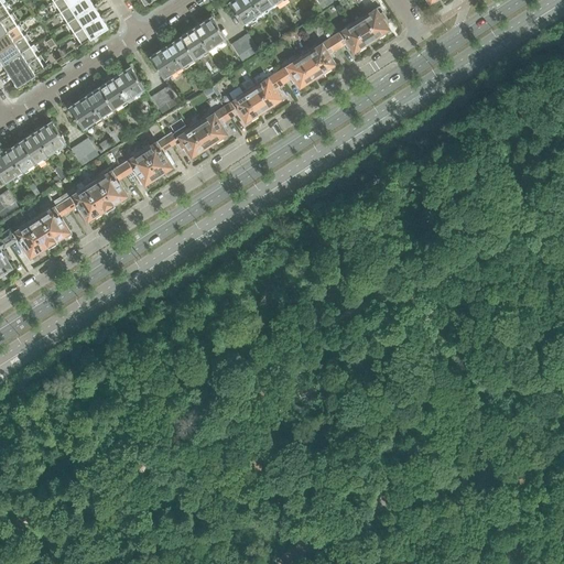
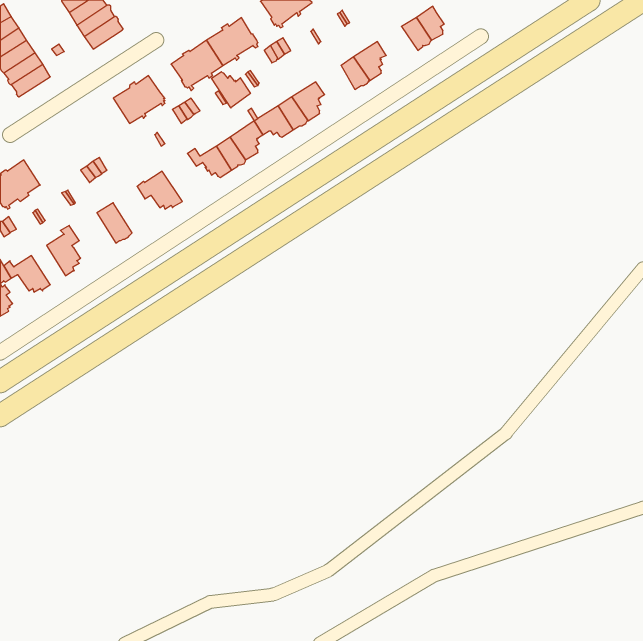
building: [330,25,366,53] -> none
building: [276,59,311,87] -> none
building: none -> [212,72,250,108]
building: [68,88,113,131] -> none
building: [21,122,66,164] -> none
building: [142,137,173,178] -> none
building: [99,165,128,206] -> none
building: [61,188,101,221] -> none
building: [28,217,57,251] -> none

